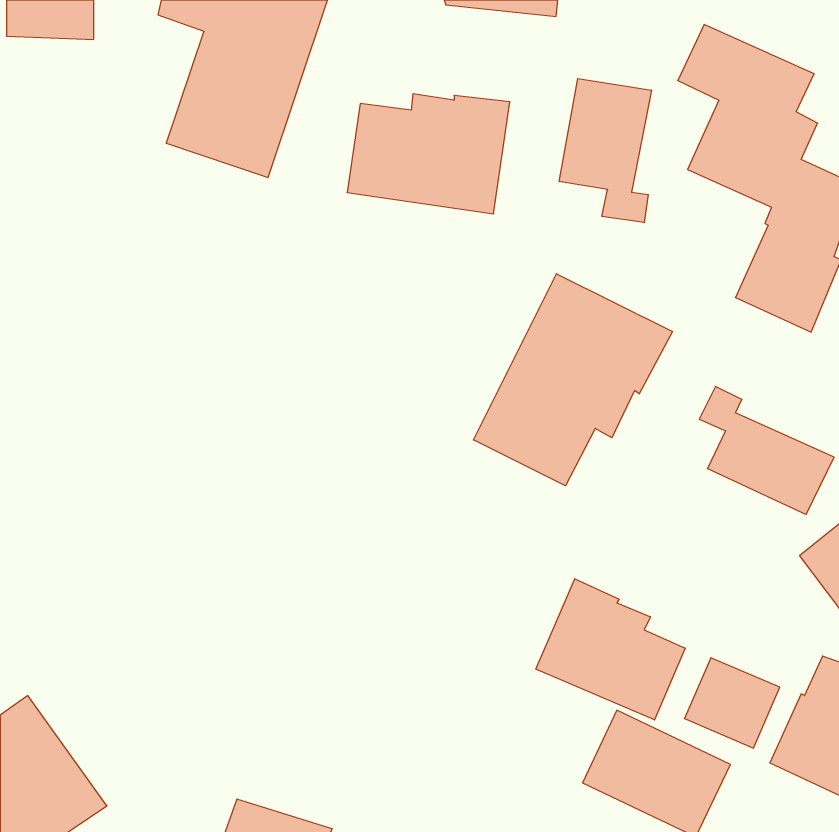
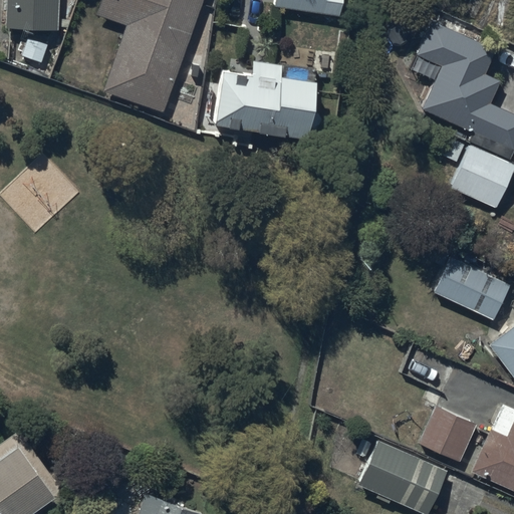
building: [559,79,651,223] -> none
building: [473,274,672,486] -> none
building: [536,579,685,720] -> none

